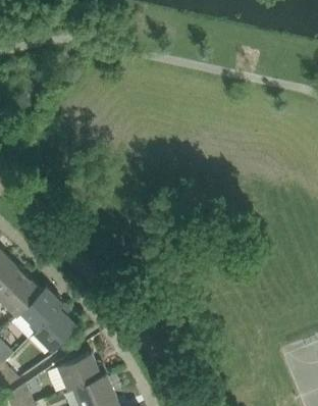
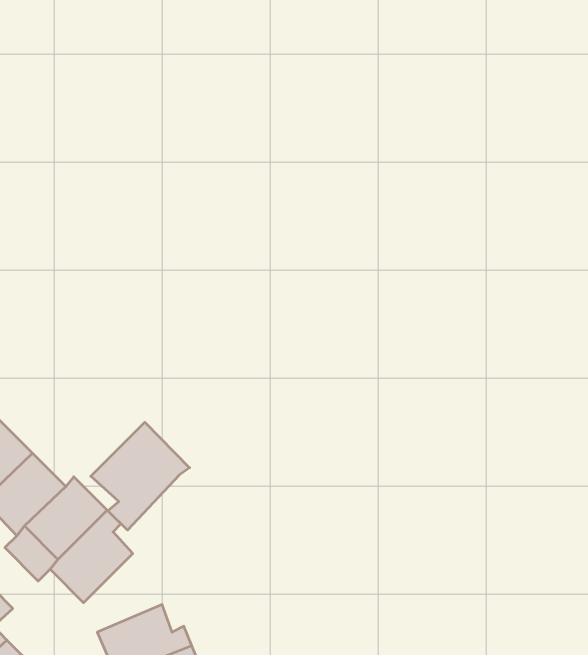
building: none -> [91,422,190,530]

